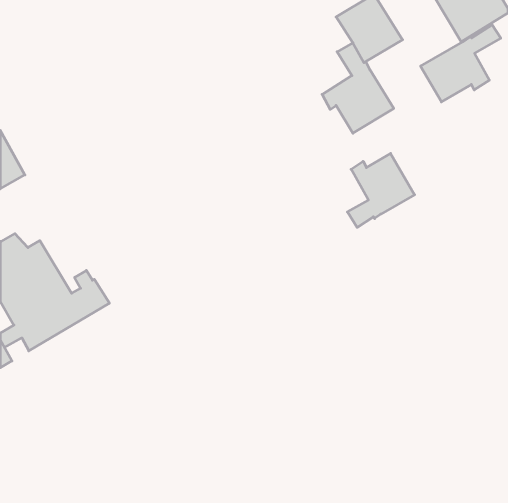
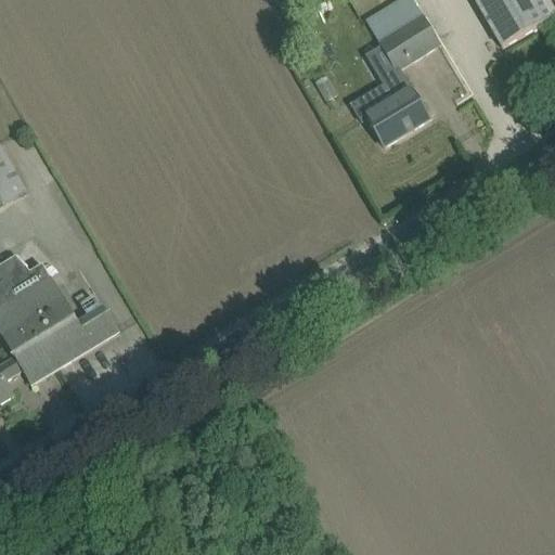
building: [421,25,501,102] -> none
building: [347,153,415,227] -> none

